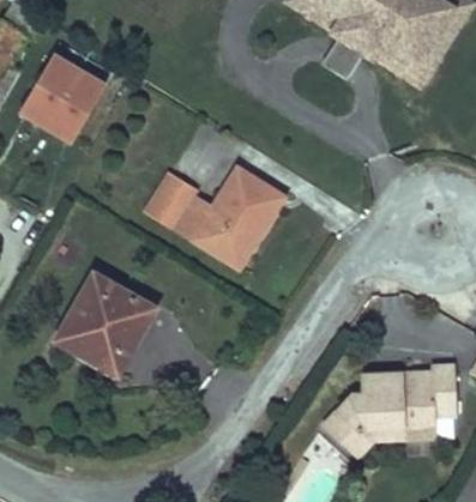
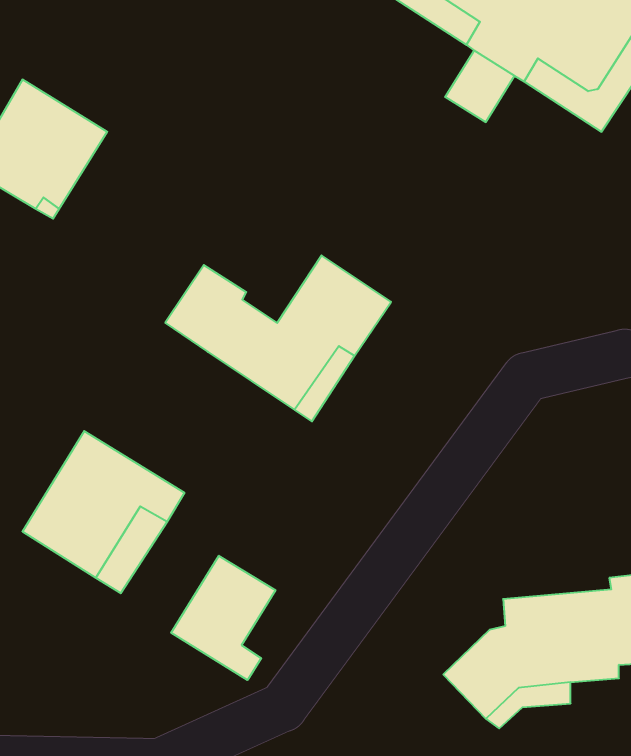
building: none -> [171,556,275,680]

